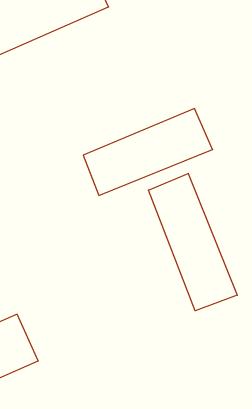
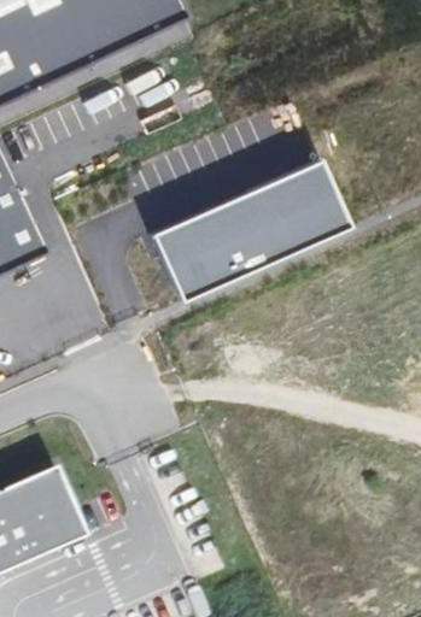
building: [148,173,237,311] -> none

